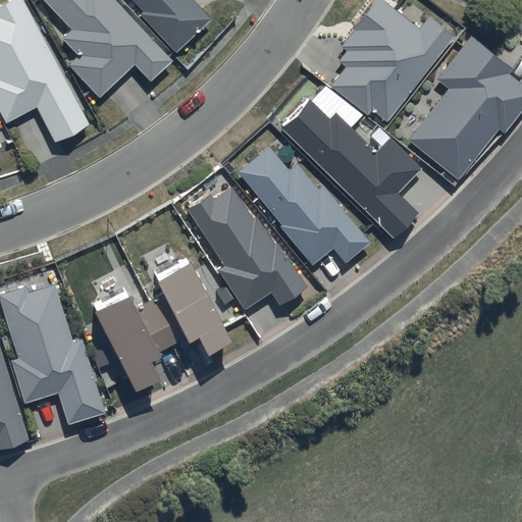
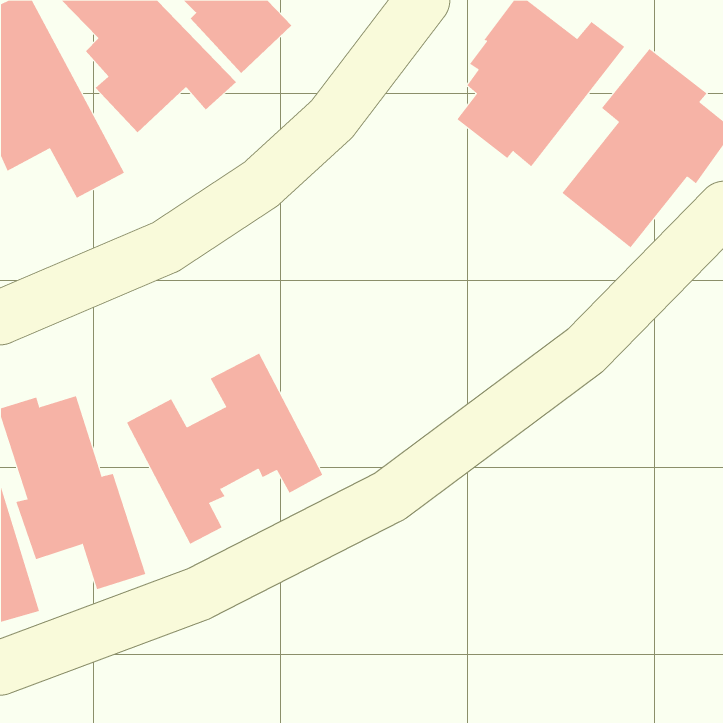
building: [279,100,419,237] -> none
building: [237,145,369,265] -> none
building: [187,187,306,310] -> none

